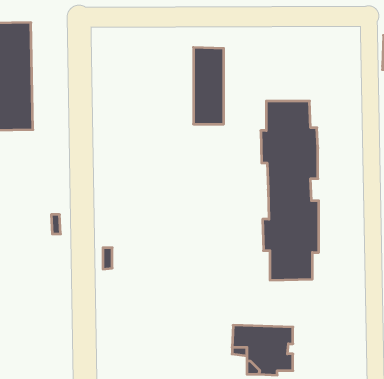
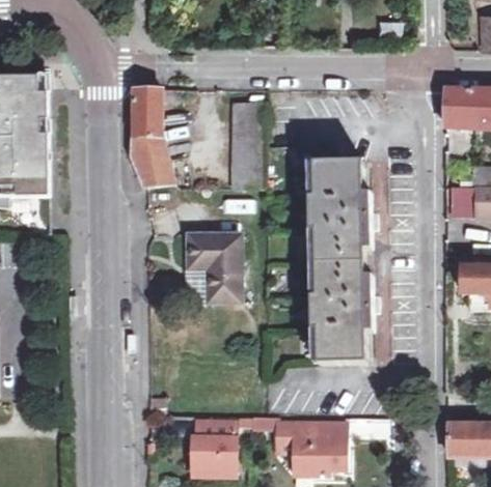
building: none -> [130,91,172,187]
building: none -> [187,237,239,302]
building: none -> [191,416,233,472]

